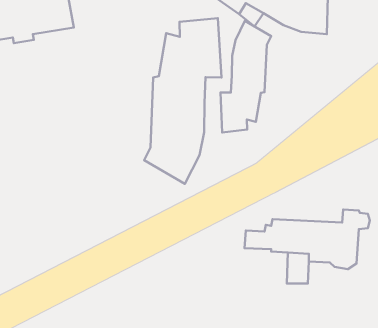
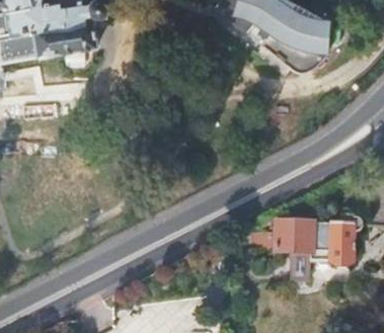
building: [144,18,222,184] -> none
building: [220,21,271,133] -> none

